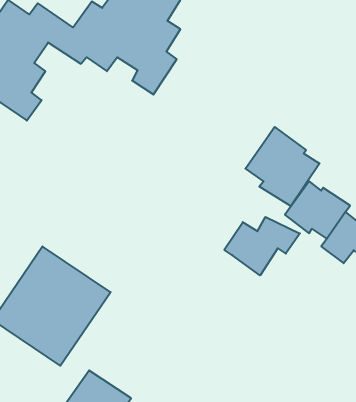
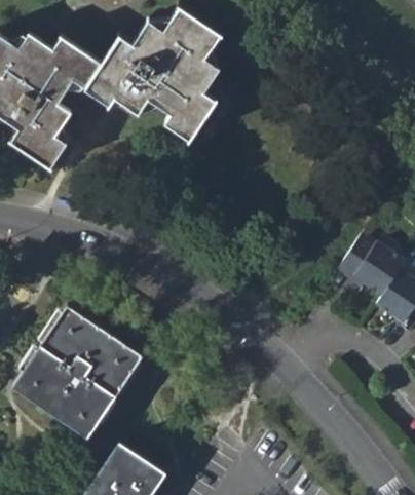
building: [245,127,320,206] -> none
building: [224,217,300,275] -> none

